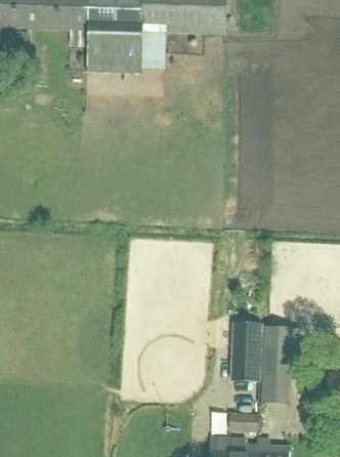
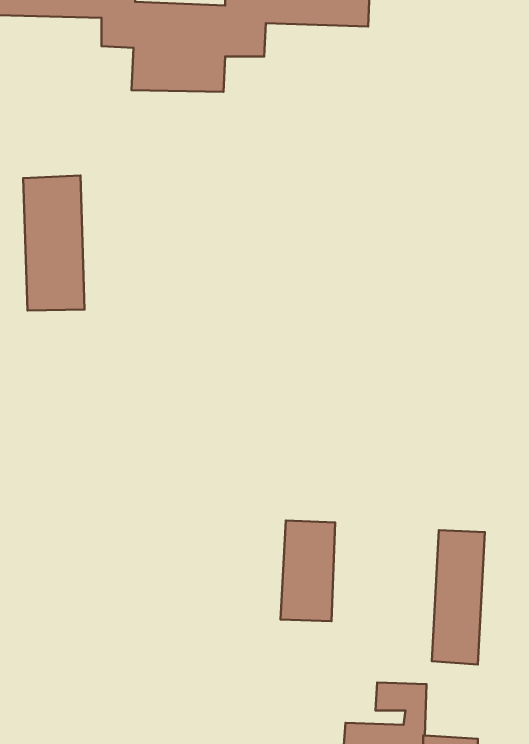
building: none -> [23,175,85,311]
building: [230,321,262,379] -> [280,521,335,621]

